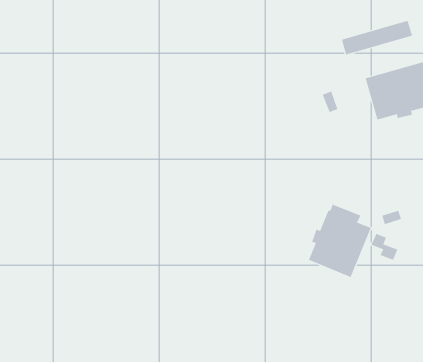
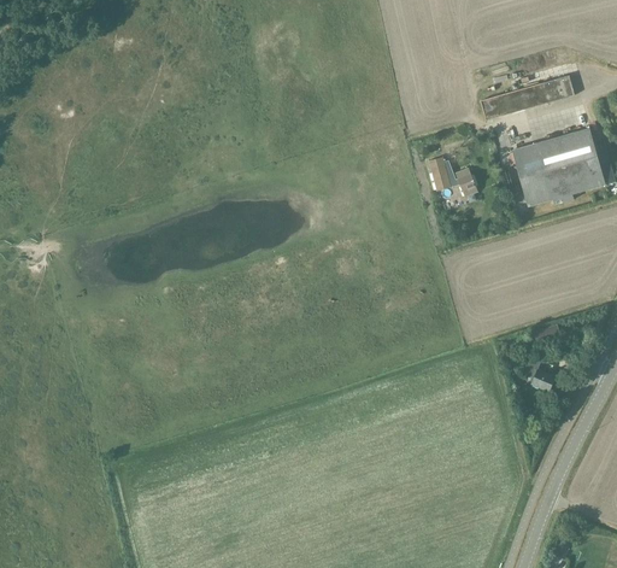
building: none -> [429,156,458,189]
building: [308,204,372,278] -> none

